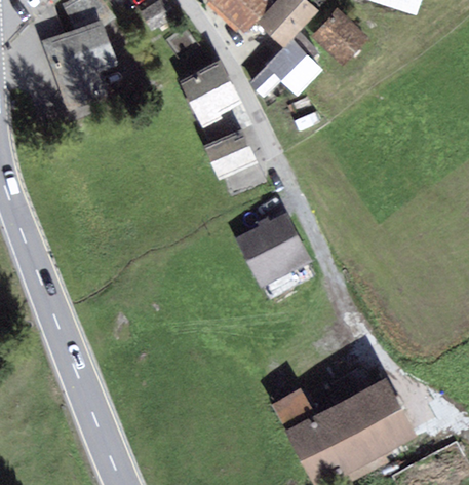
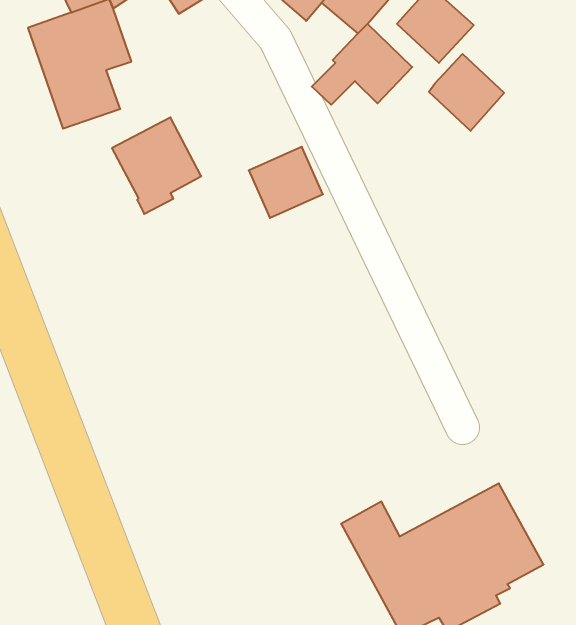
building: [177,59,242,129] -> [112,117,201,214]
building: none -> [429,54,504,131]
building: [234,211,312,287] -> none

